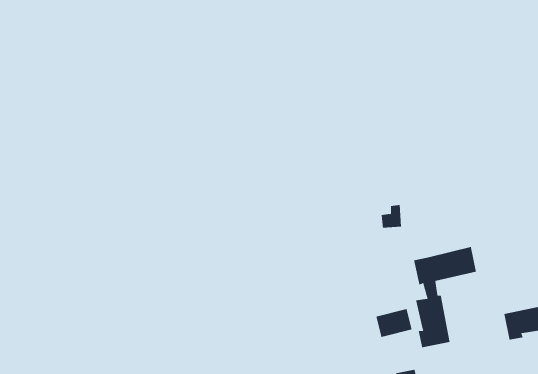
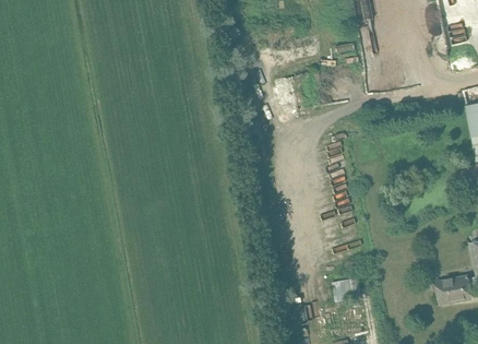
building: [414,246,477,348] -> none

